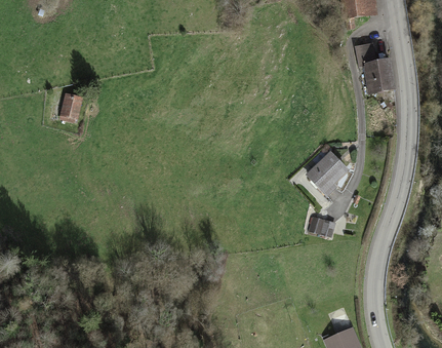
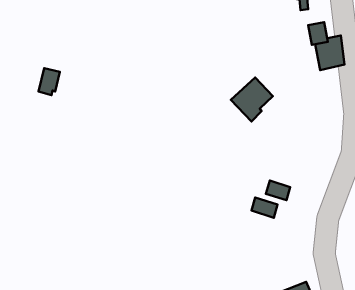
building: [304,149,350,197] -> [231,77,273,122]
building: none -> [251,197,278,218]

